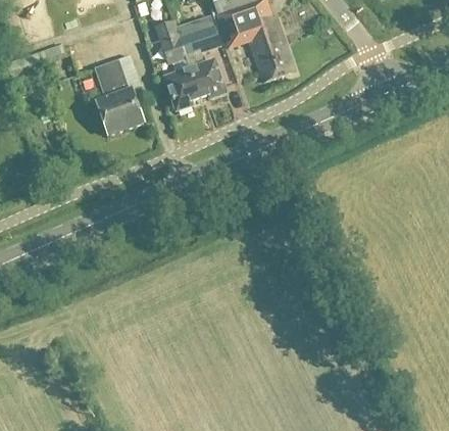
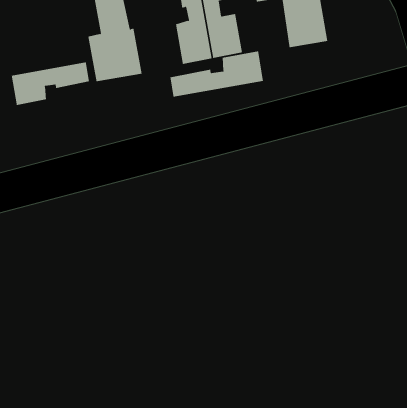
building: none -> [170,50,263,97]
building: none -> [11,62,90,106]

